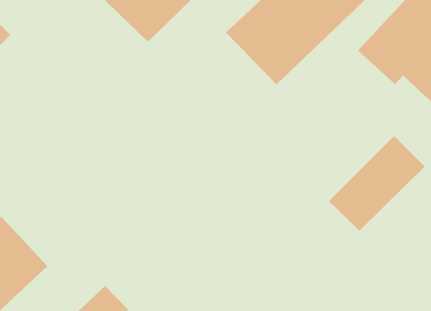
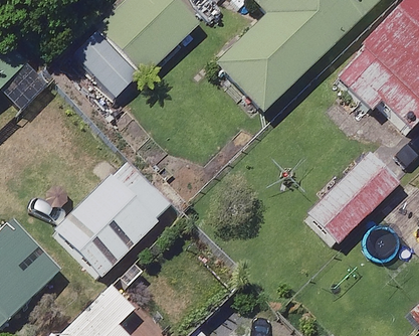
building: none -> [54,161,172,279]

